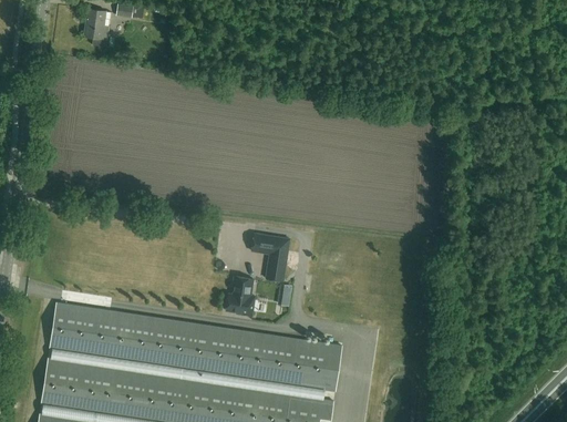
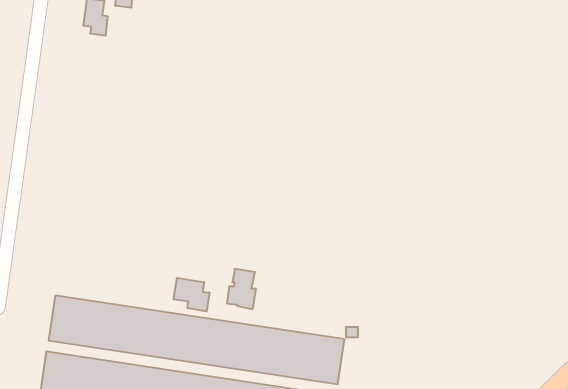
building: [249,235,287,281] -> none
building: none -> [174,278,209,312]

